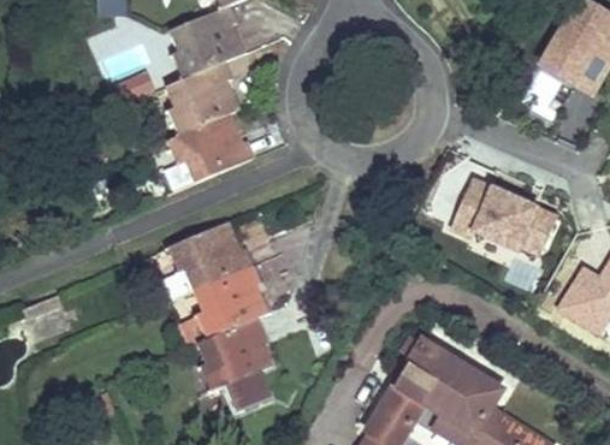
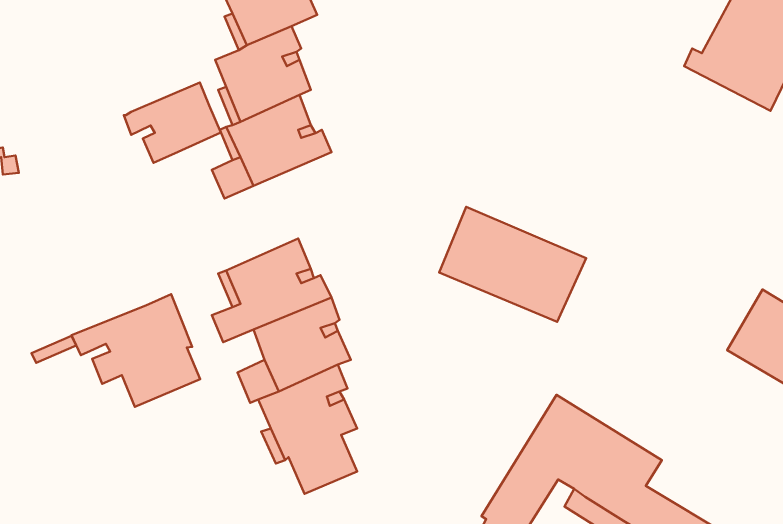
building: none -> [124,82,221,163]
building: [449,168,559,255] -> [439,207,586,322]
building: none -> [71,294,200,407]

